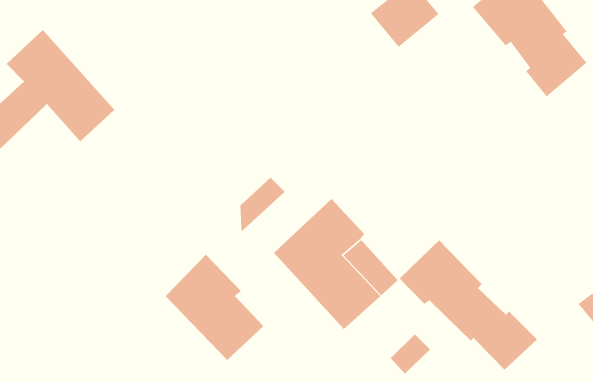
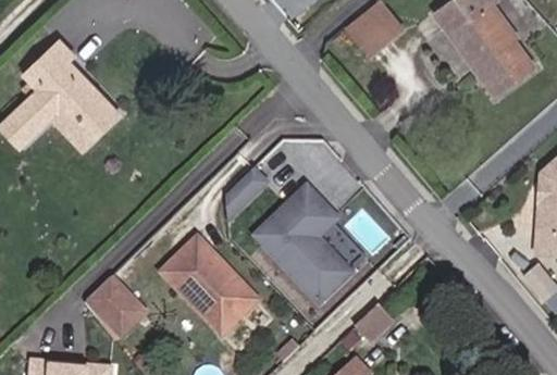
building: [399,240,538,370] -> none
building: none -> [87,278,146,337]

